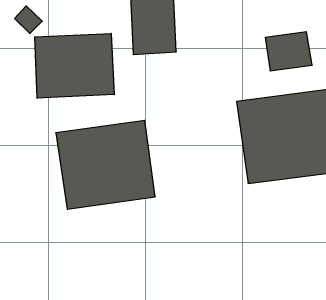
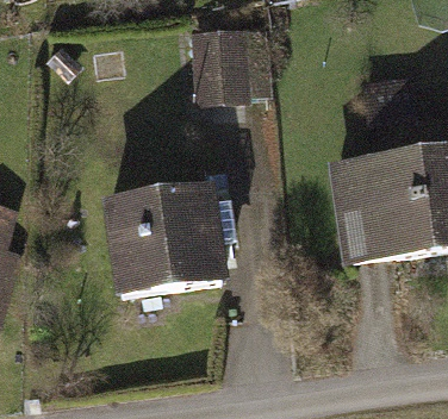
building: [35,33,114,98] -> none

